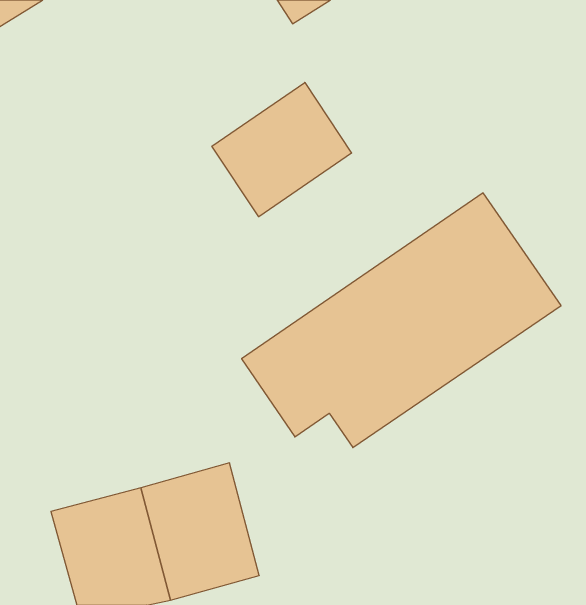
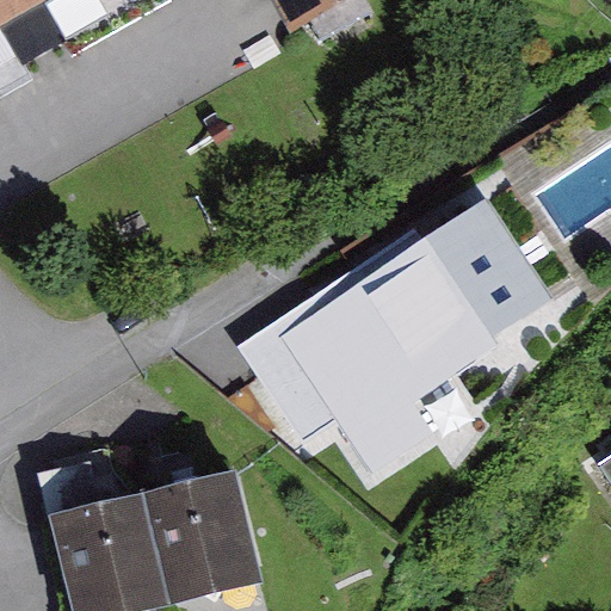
building: [212,82,352,217] -> none

